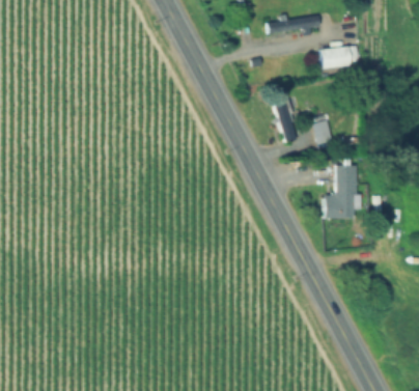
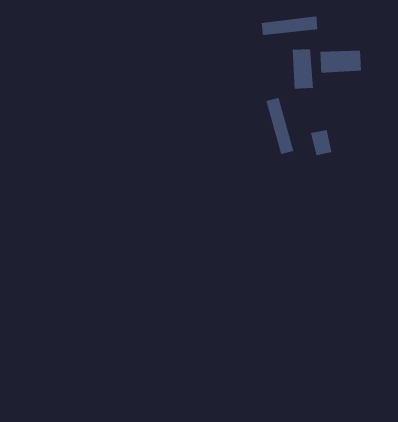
building: none -> [292,48,314,90]
building: [324,164,354,216] -> none

